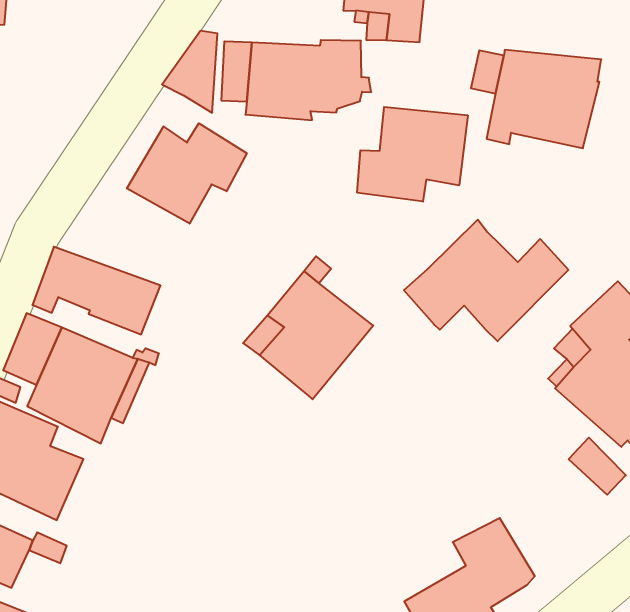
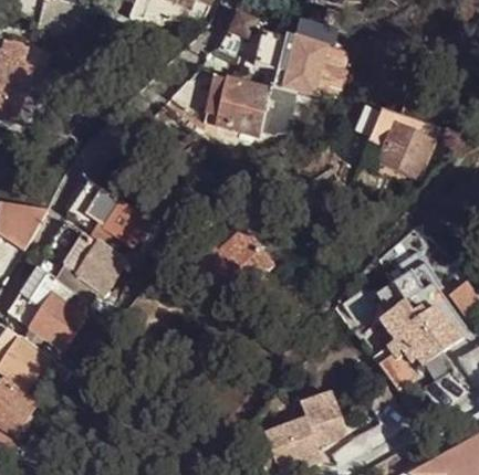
building: [357,107,468,202] -> none
building: [127,123,247,224] -> none
building: [404,220,568,341] -> none

